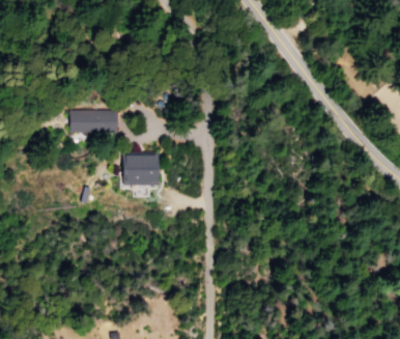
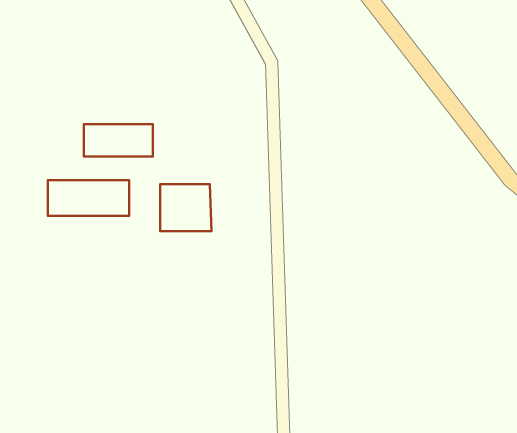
building: none -> [48,180,129,216]

